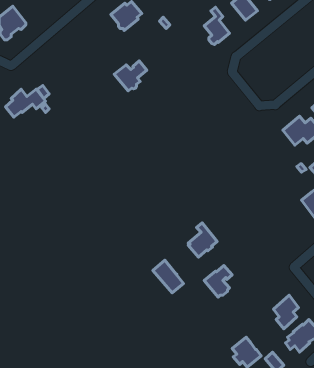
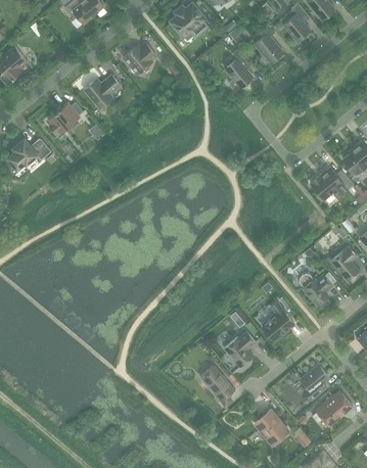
building: none -> [48,101,84,133]
building: [114,61,147,91] -> [84,74,120,106]
building: none -> [299,272,332,303]
building: [188,223,217,257] -> [262,300,293,338]
building: [153,260,184,293] -> [200,364,234,400]

